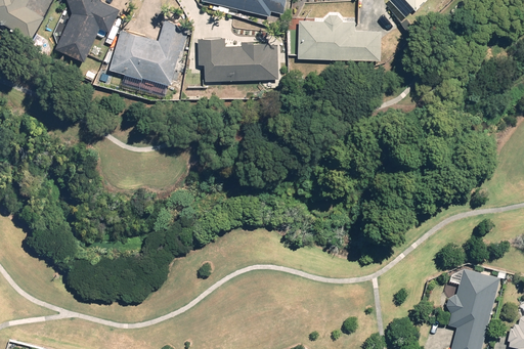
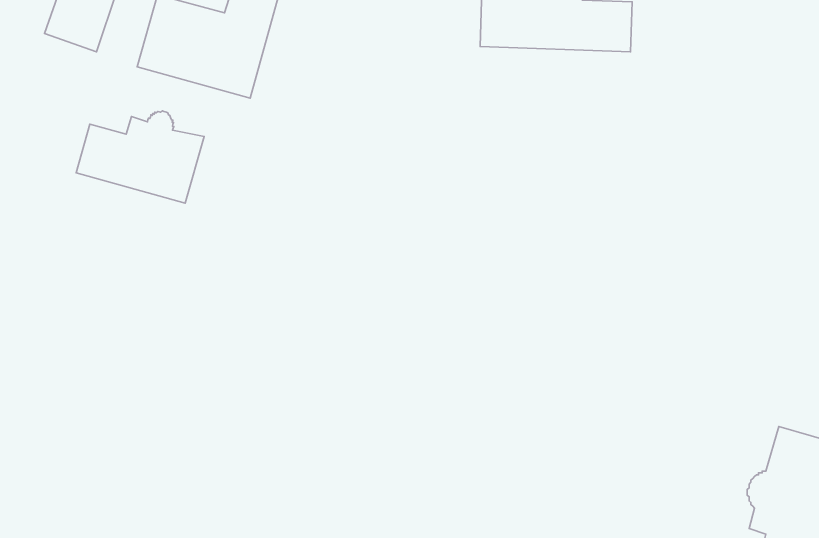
building: [198,40,279,81] -> none
building: none -> [76,111,204,203]

